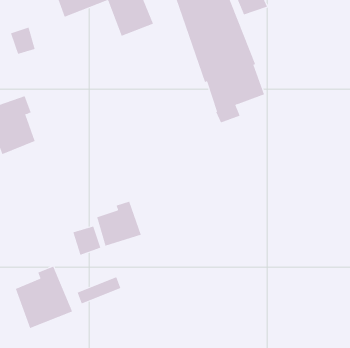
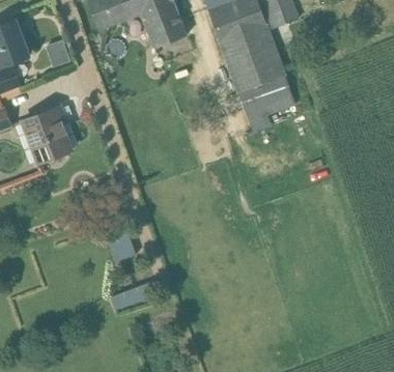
building: [96,201,141,247] -> none
building: [15,266,73,329] -> none

